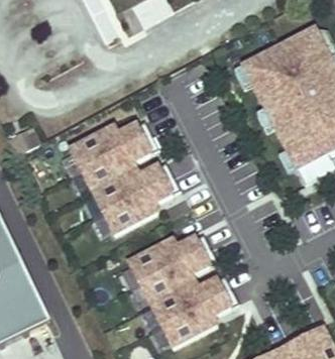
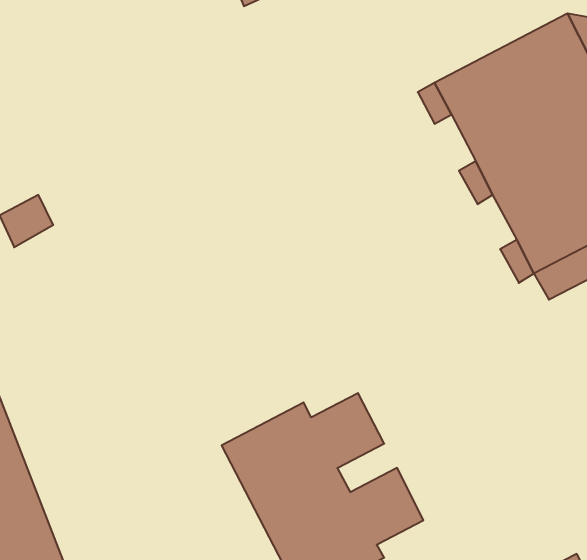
building: [70,120,179,232] -> none

